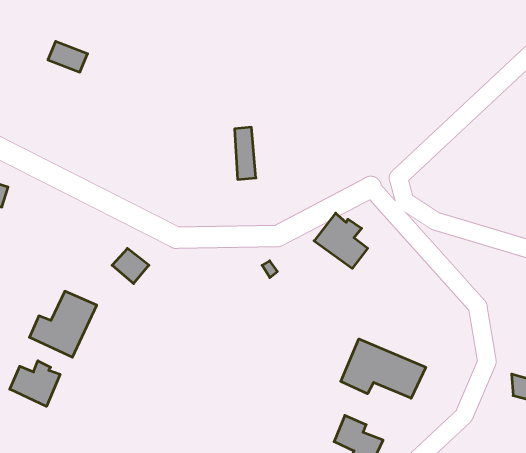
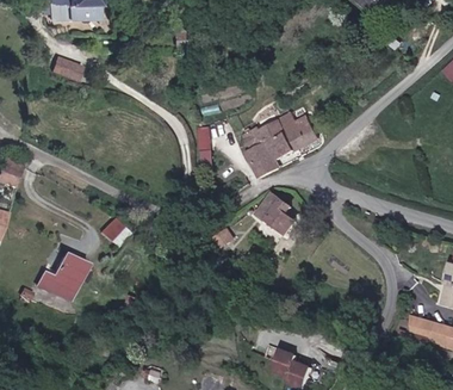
building: none -> [242,114,321,178]
building: [341,339,426,398] -> none
building: [10,361,60,406] -> none

